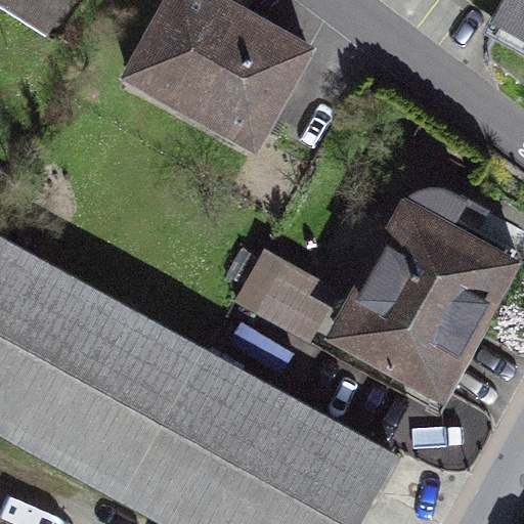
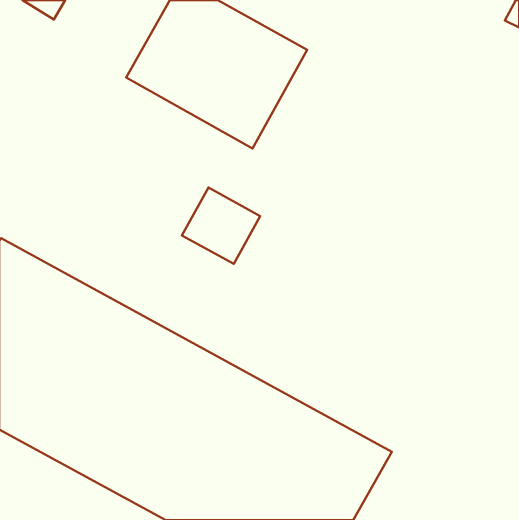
building: [341,191,516,391] -> none
building: [256,264,335,341] -> [182,188,260,264]

